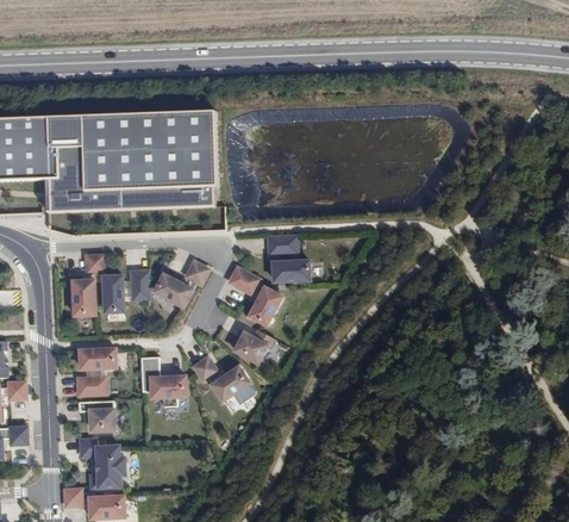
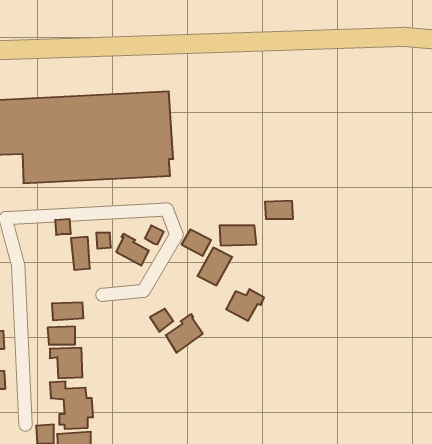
building: [267,232,299,253] -> [265,201,293,219]
building: [73,278,95,313] -> none
building: [232,328,275,363] -> [226,289,264,321]
building: [139,354,187,403] -> none

